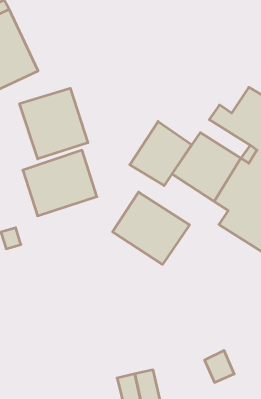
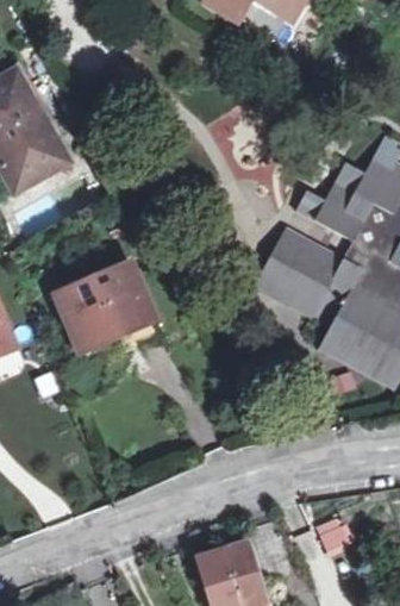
building: [20,88,88,159] -> none
building: [130,121,191,186] -> none
building: [113,192,189,264] -> none

